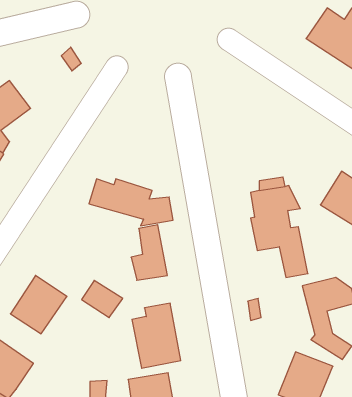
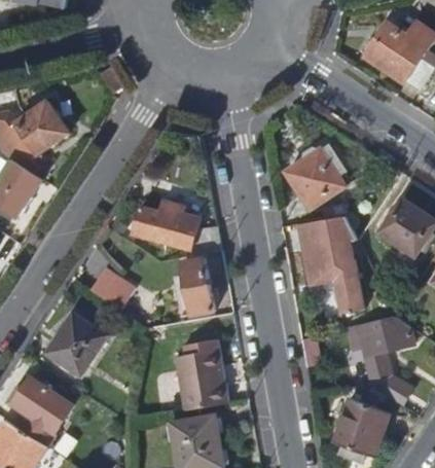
building: none -> [286,146,346,208]
building: [82,280,123,318] -> [89,268,134,309]

